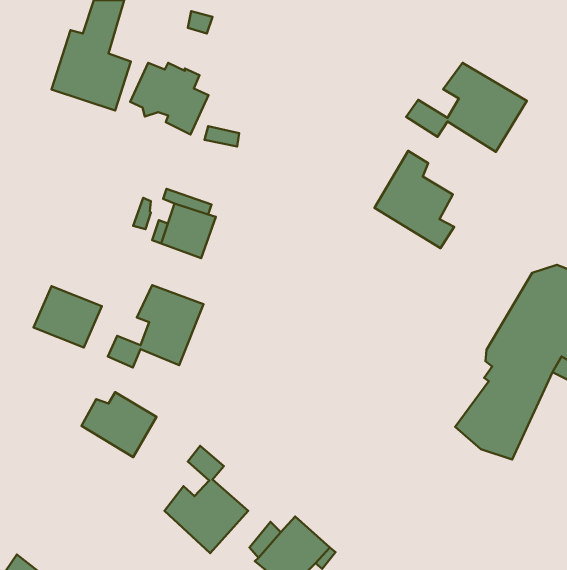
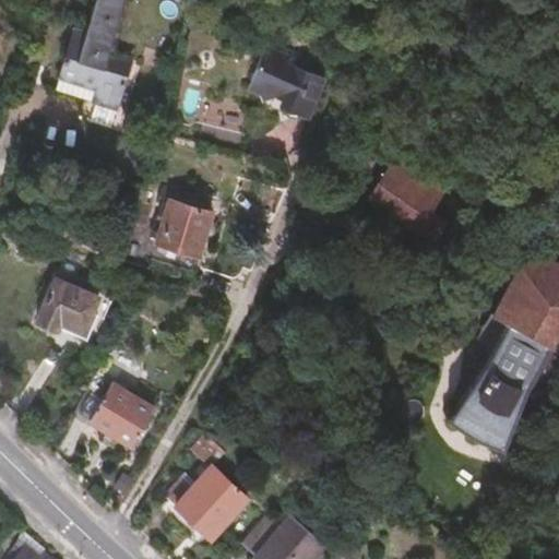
building: [130,63,208,134] -> [249,50,325,120]
building: [406,63,527,152] -> none
building: [108,285,204,367] -> none

